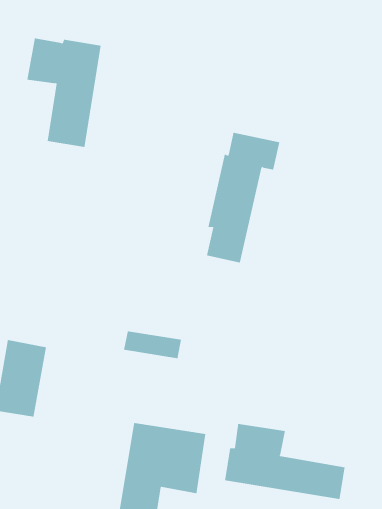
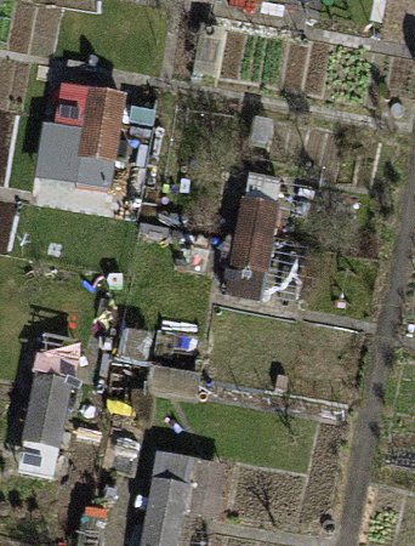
building: [224,423,345,500] -> none

